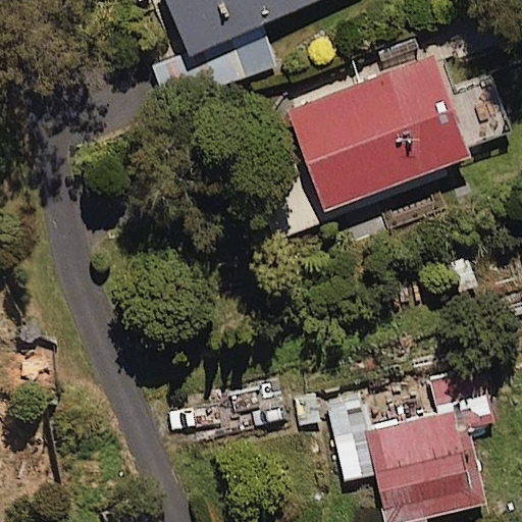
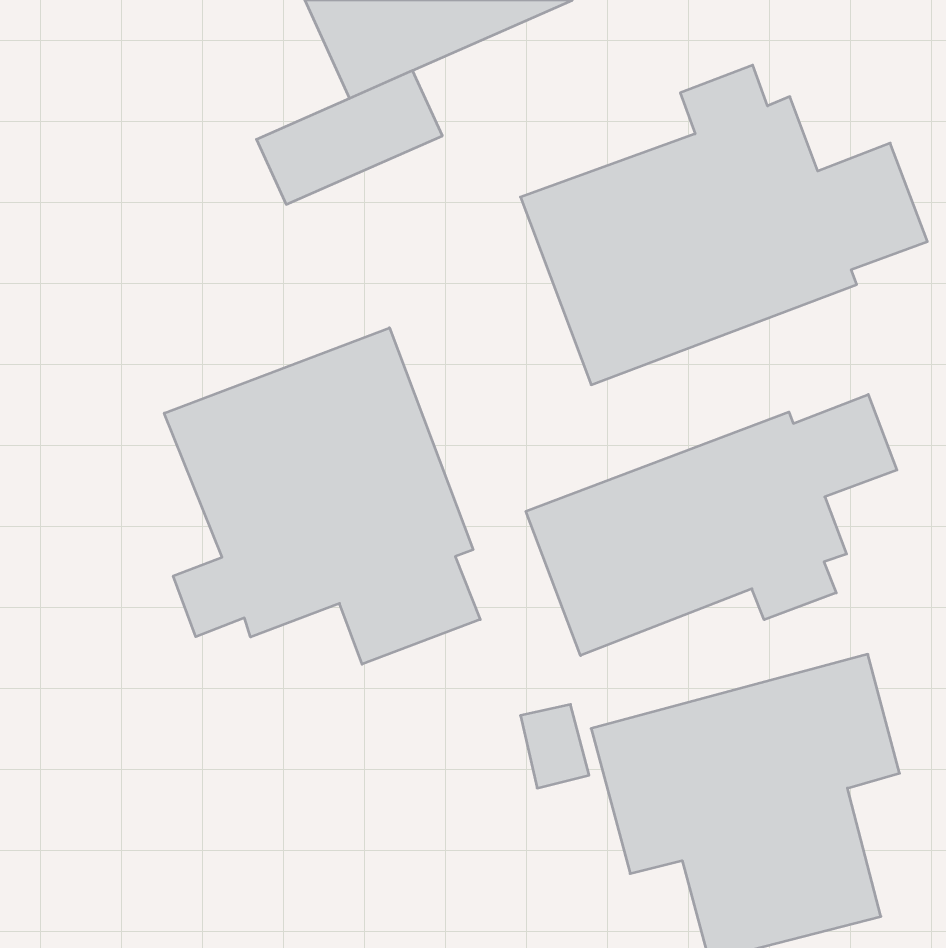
building: none -> [164,328,480,664]
building: none -> [526,394,897,656]

